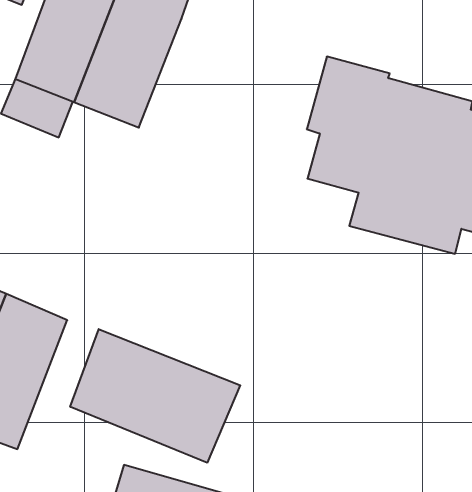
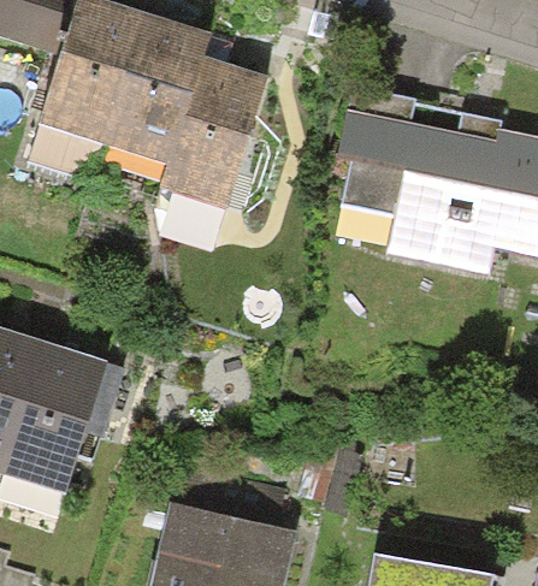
building: none -> [161,57,268,208]
building: [70,329,240,463] -> none

